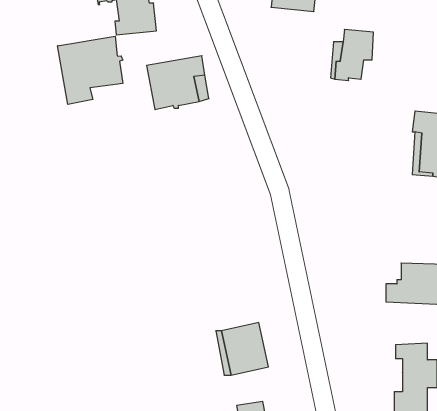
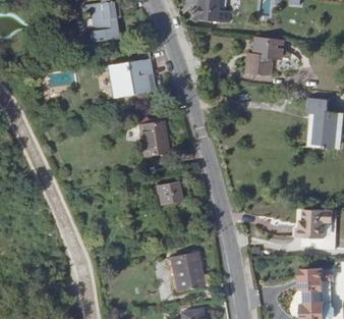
building: [58,36,123,104] -> none
building: none -> [142,120,168,153]
building: none -> [156,182,180,204]

